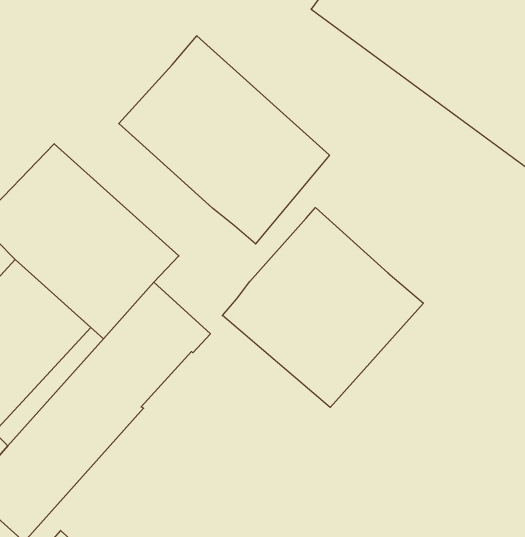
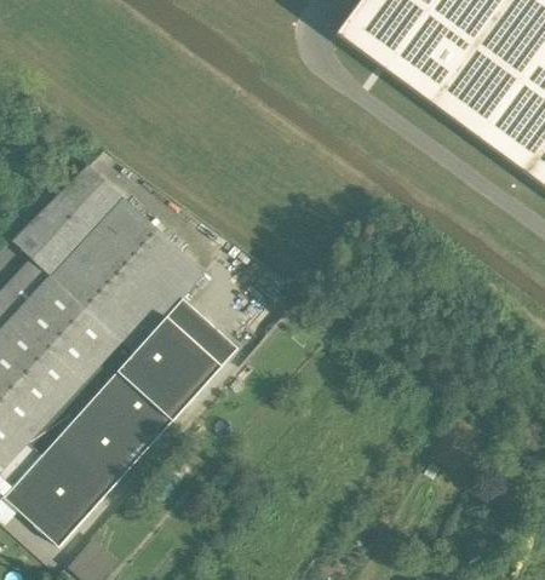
building: [119,36,329,244] -> none
building: [222,208,423,407] -> none

